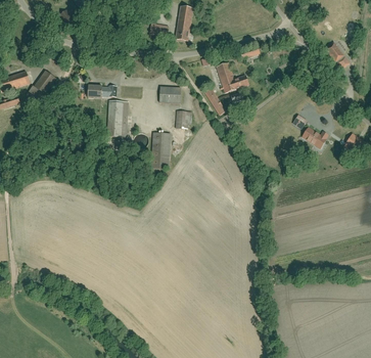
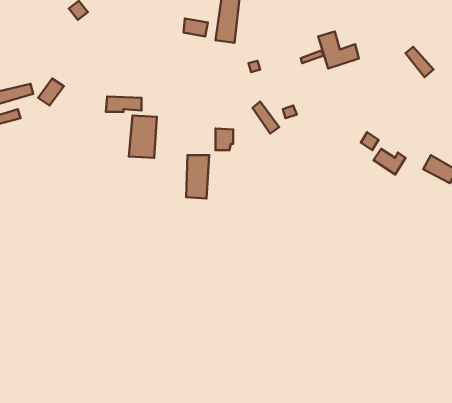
building: [216,63,248,93] -> [318,32,359,69]
building: [159,86,182,102] -> none

